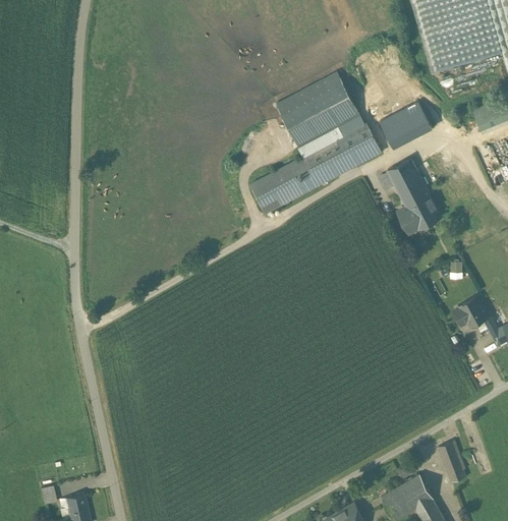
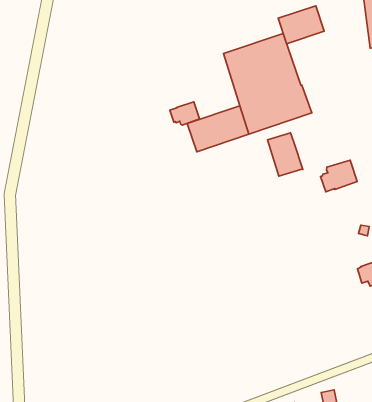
building: [380,103,431,148] -> [278,6,324,44]
building: [387,159,430,207] -> [267,133,303,176]
building: none -> [170,102,199,125]

